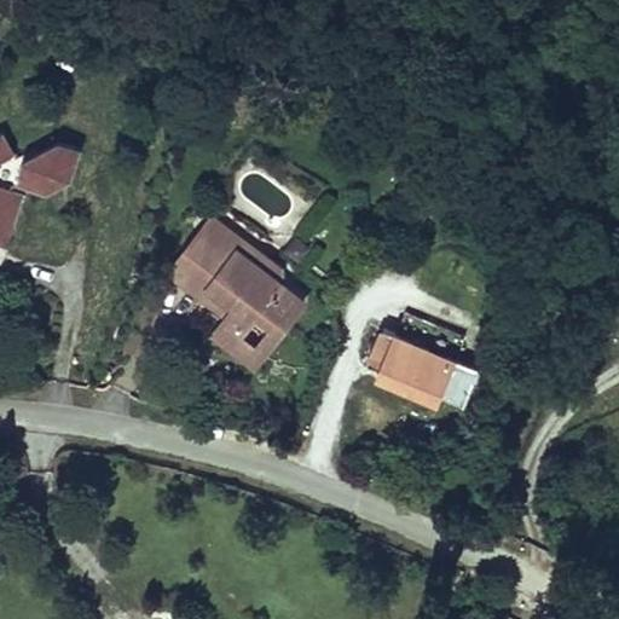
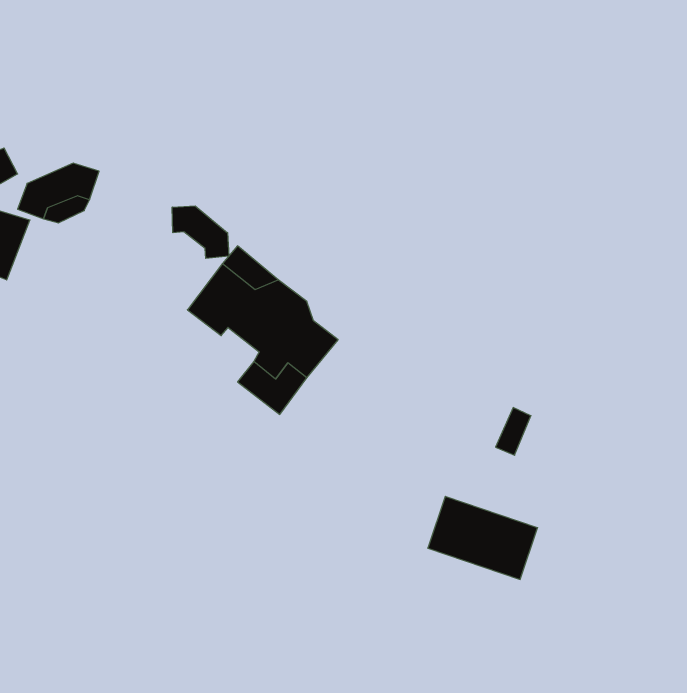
building: none -> [172,206,229,258]
building: [355,330,453,404] -> [428,496,538,579]

